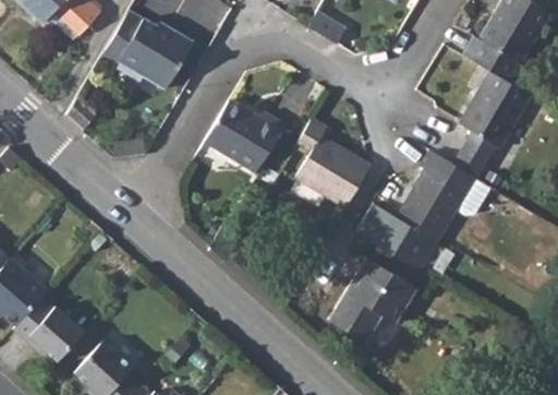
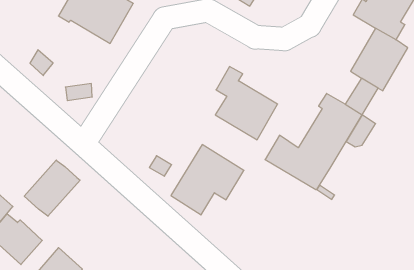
building: [205,100,283,170] -> none
building: none -> [24,160,80,216]
building: [328,256,417,343] -> [171,145,244,215]

